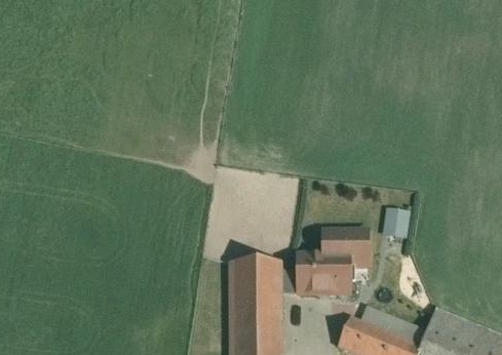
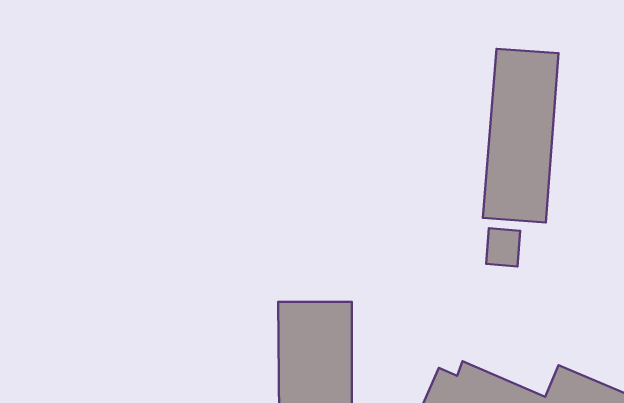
building: none -> [483,49,558,223]
building: [293,220,373,290] -> none

